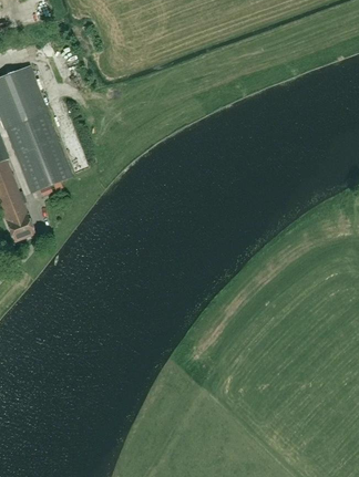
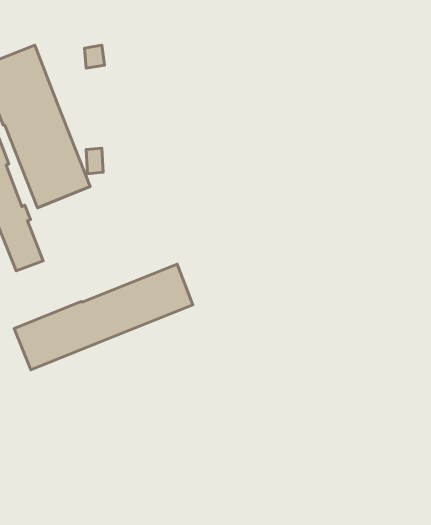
building: none -> [14,264,193,370]

